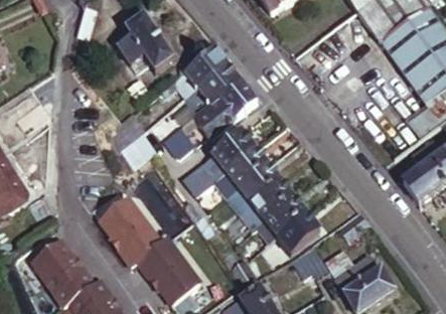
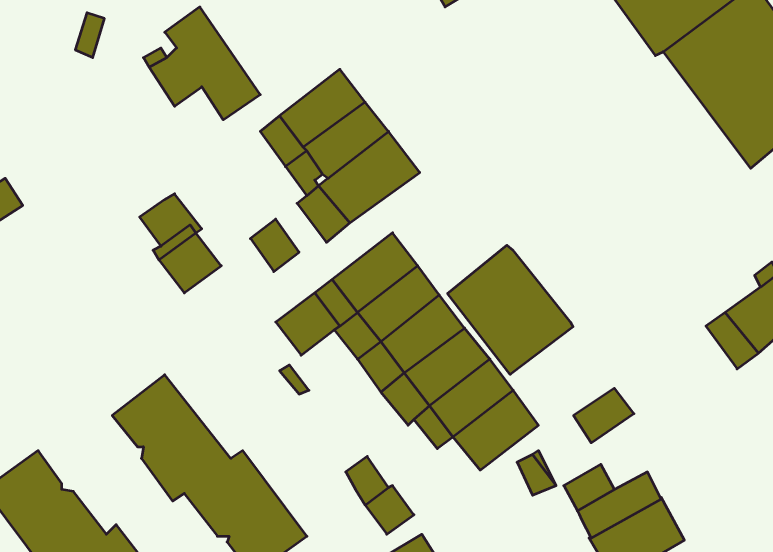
building: none -> [448,245,573,374]

